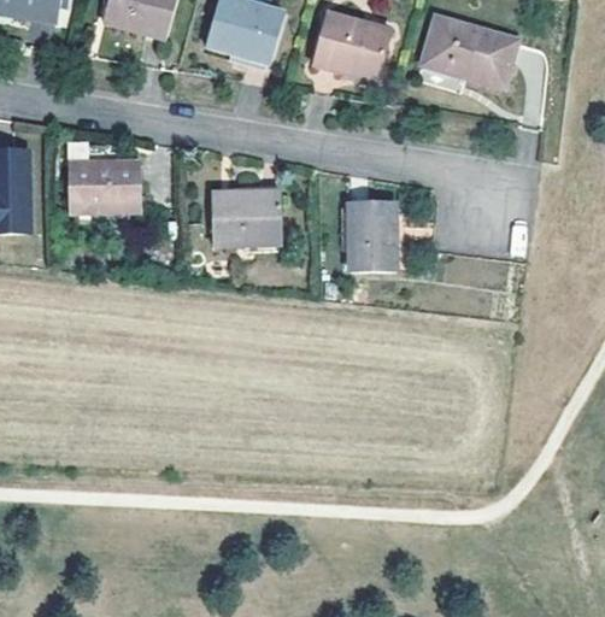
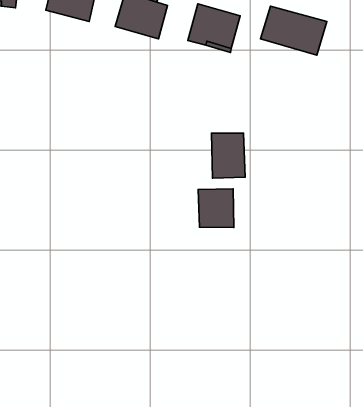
building: [67,161,140,212] -> none
building: [211,190,280,245] -> none
building: none -> [198,189,234,227]

